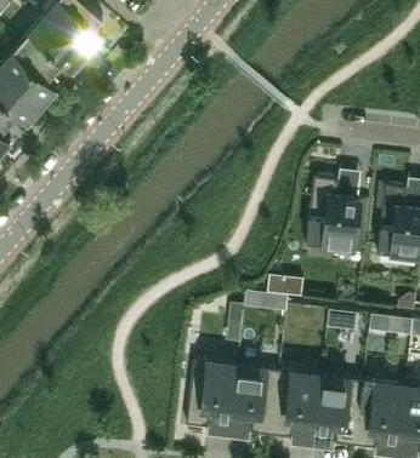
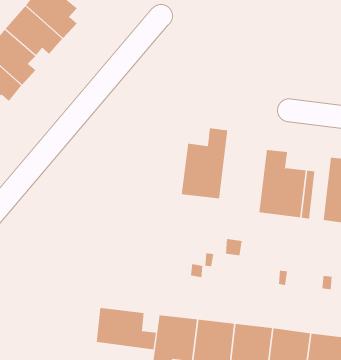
building: none -> [181,127,228,199]
building: none -> [96,307,156,350]

